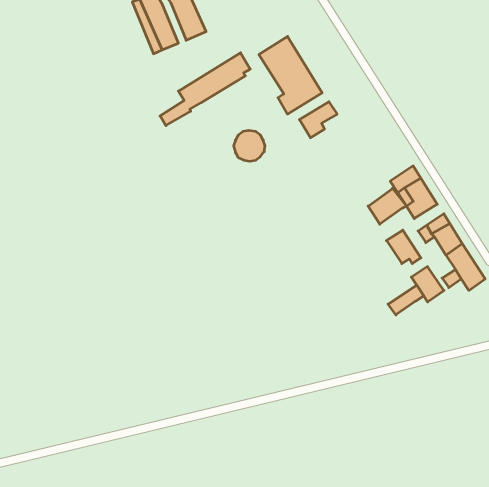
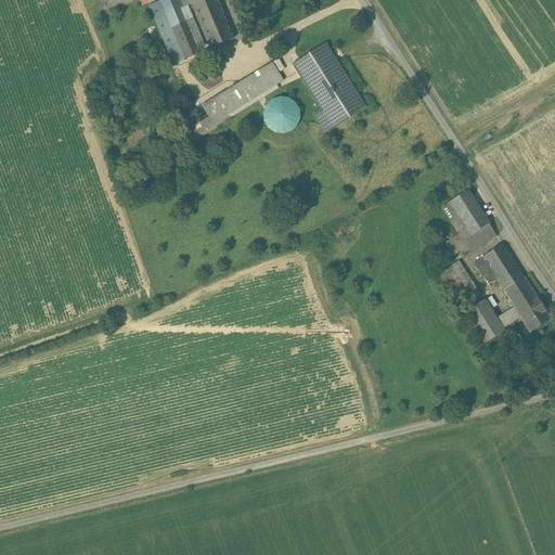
building: [299,102,337,138] -> none
building: [234,131,265,161] -> [264,95,300,130]
building: [368,188,407,224] -> none
building: [388,285,424,315] -> none

